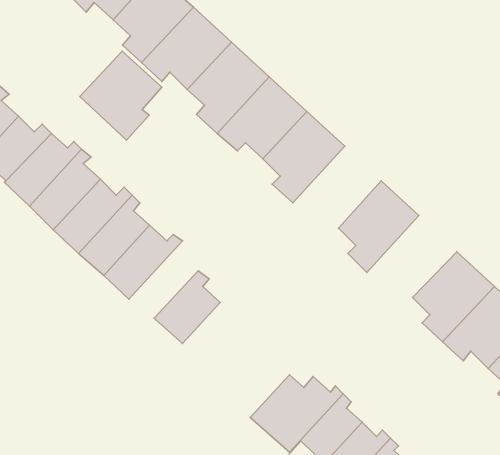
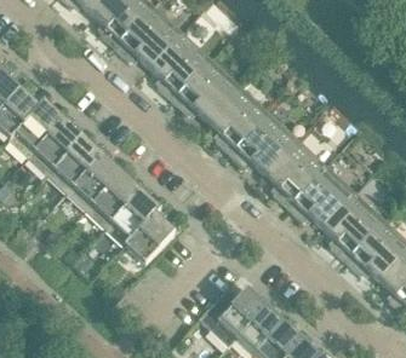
building: [80,51,162,140] -> none
building: none -> [231,112,299,175]
building: none -> [288,166,358,229]
building: none -> [105,185,159,248]

